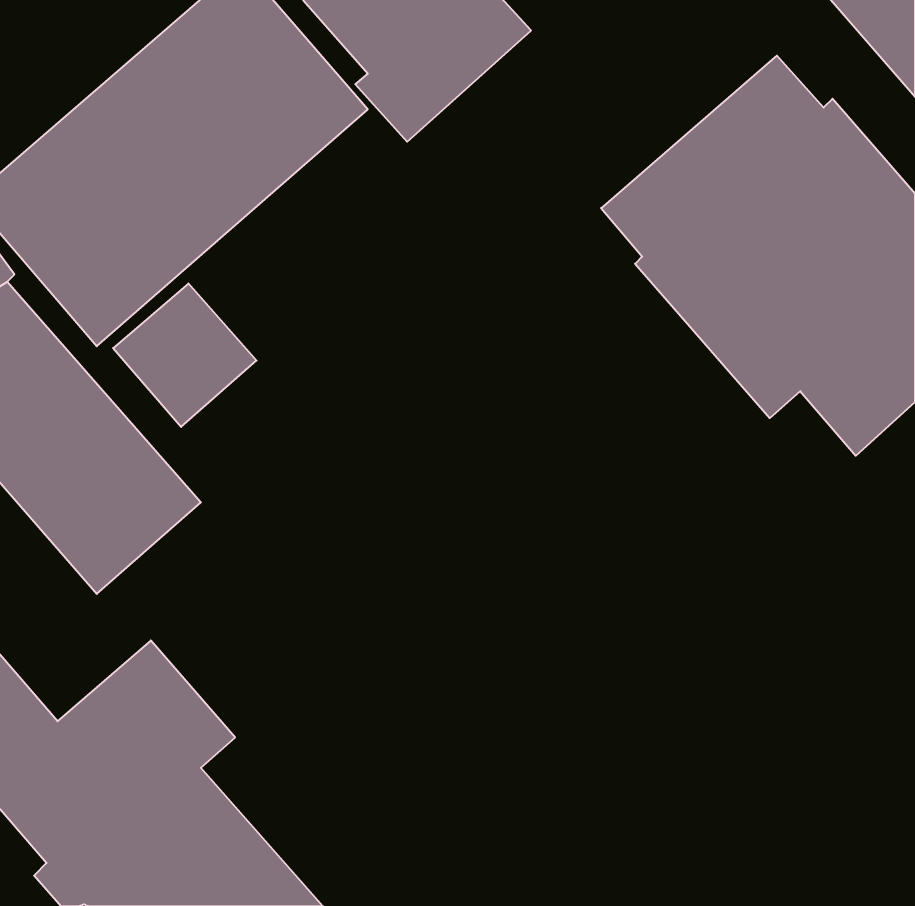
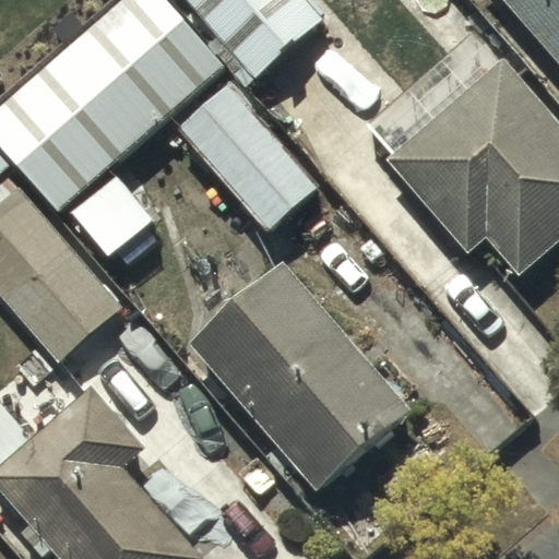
building: none -> [175,81,322,233]
building: none -> [190,262,409,489]

